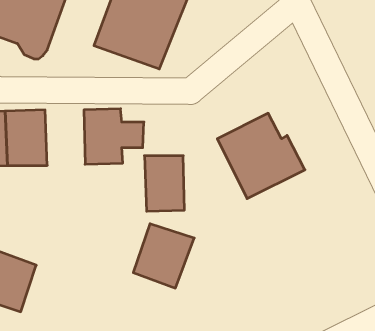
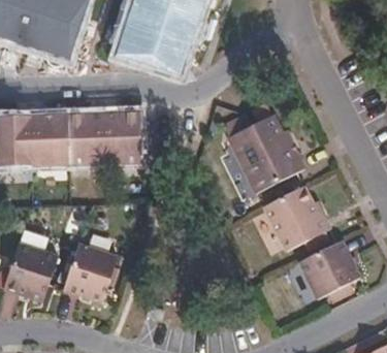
building: [144,156,184,211] -> [65,111,102,163]
building: none -> [264,186,330,251]
building: [133,224,194,288] -> [61,244,118,303]
building: none -> [300,239,361,297]

